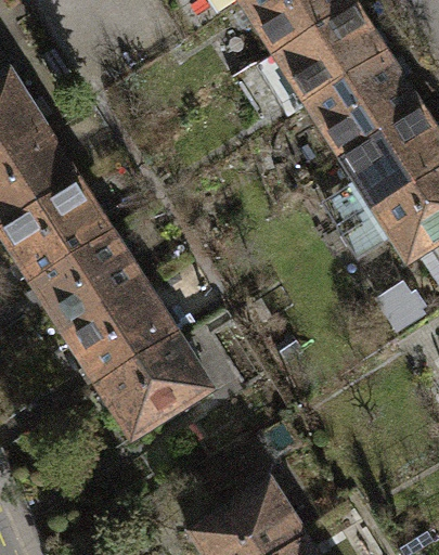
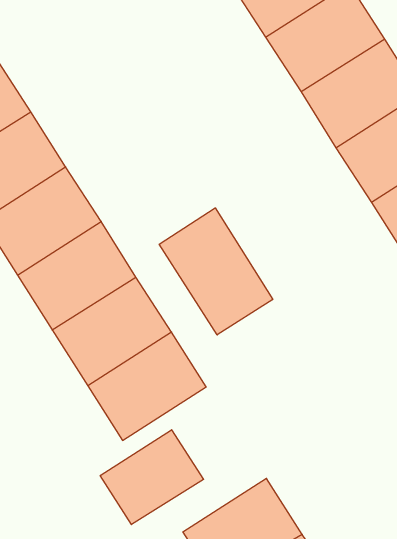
building: none -> [159,208,273,335]
building: none -> [100,430,204,525]

